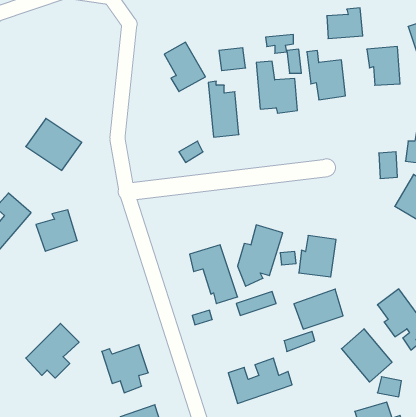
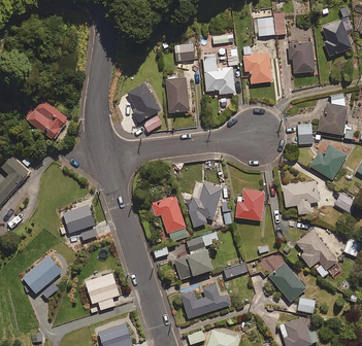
building: [164,42,205,92] -> [127,83,159,122]
building: [36,210,77,251] -> [62,201,94,233]
building: none -> [282,180,319,214]
building: [294,289,343,329] -> [173,248,211,279]

